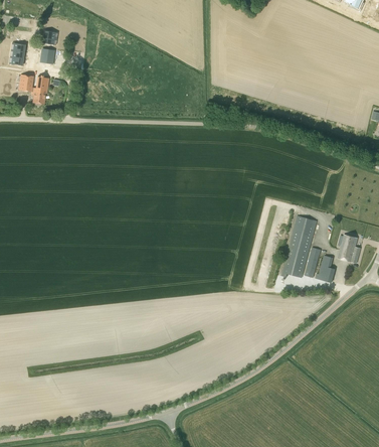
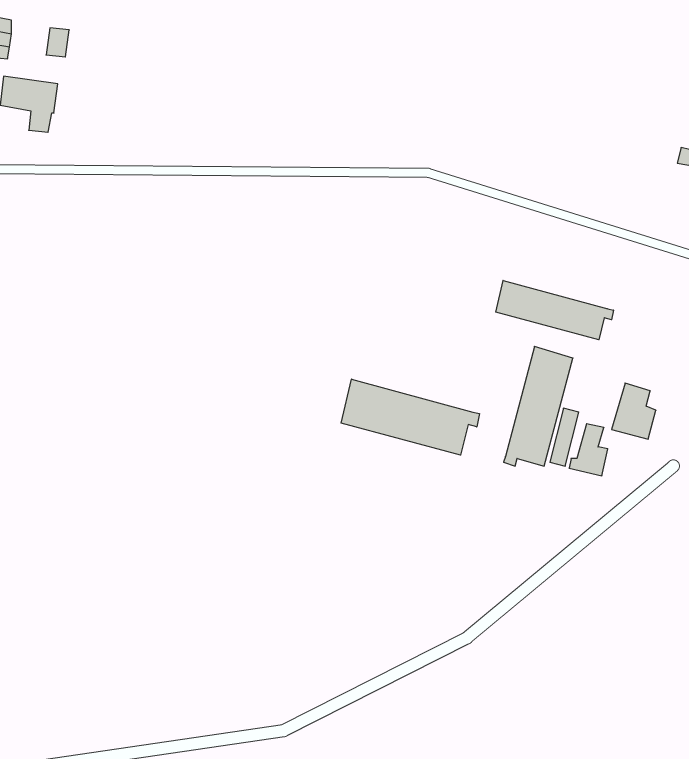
building: none -> [496,280,613,340]
building: none -> [341,379,479,455]

